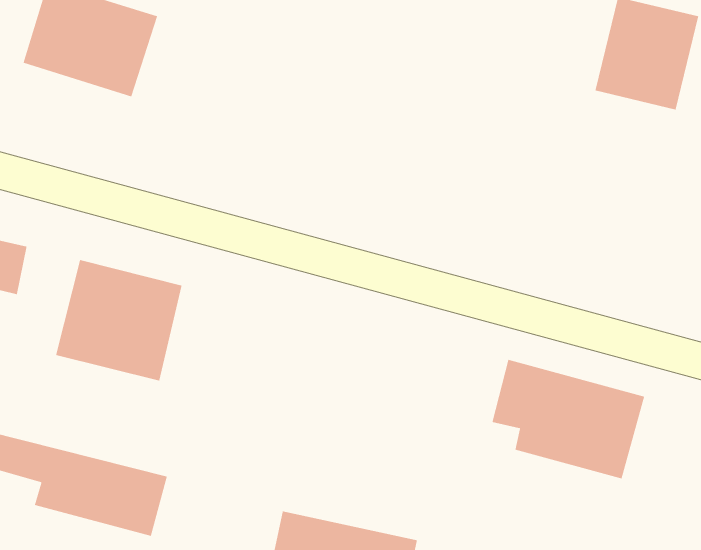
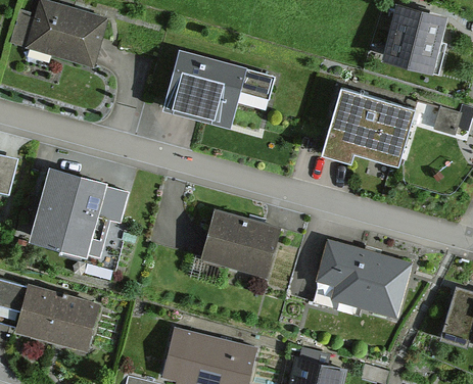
building: none -> [173,57,280,126]
building: none -> [314,95,408,175]
building: none -> [194,205,274,272]

